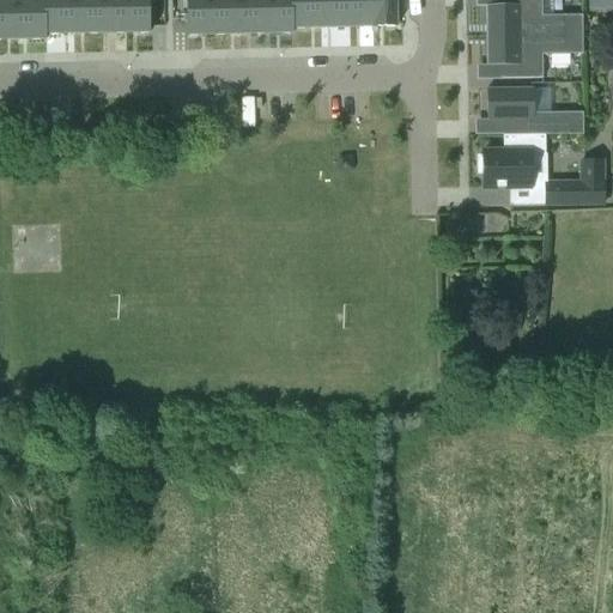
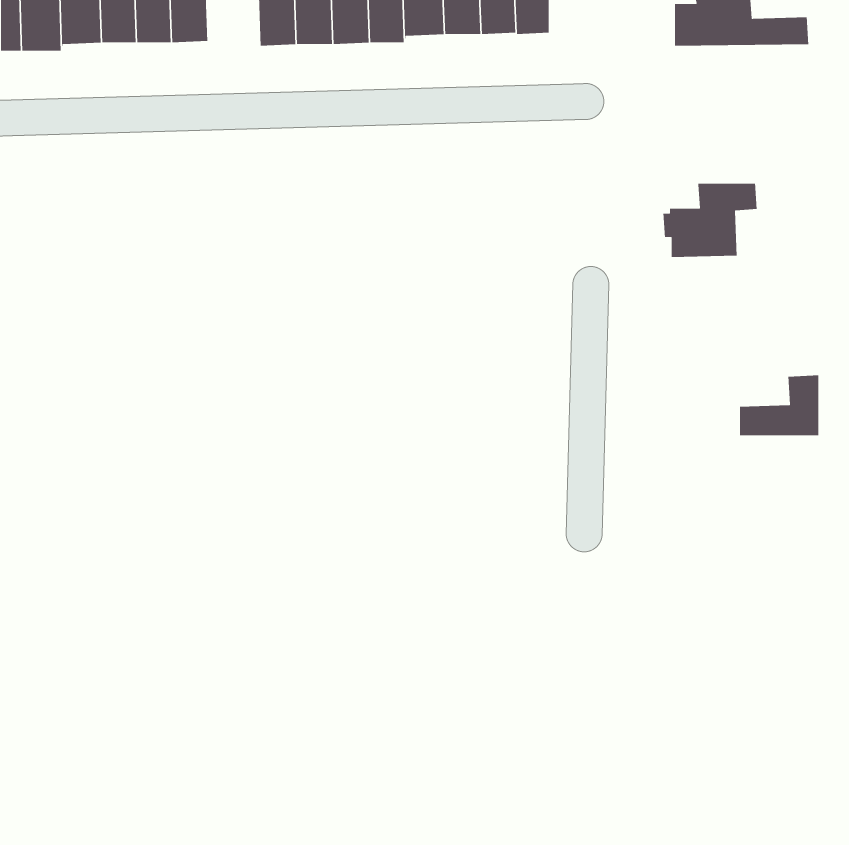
building: [486,32,583,75] -> none
building: [487,86,583,132] -> none
building: [546,158,603,202] -> [739,375,819,436]

